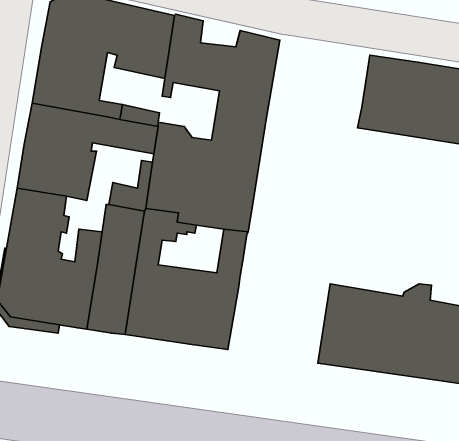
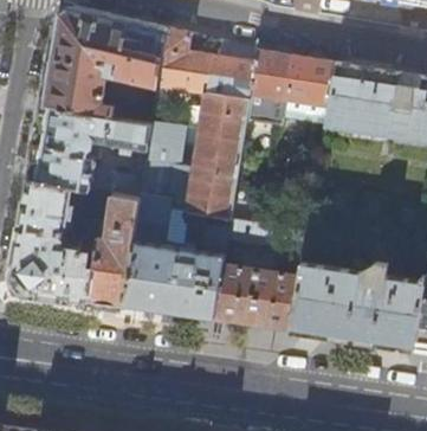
building: none -> [246,51,336,127]
building: none -> [213,219,308,330]

